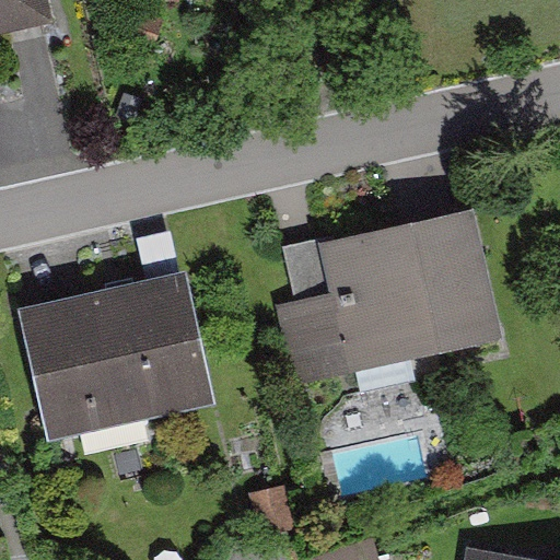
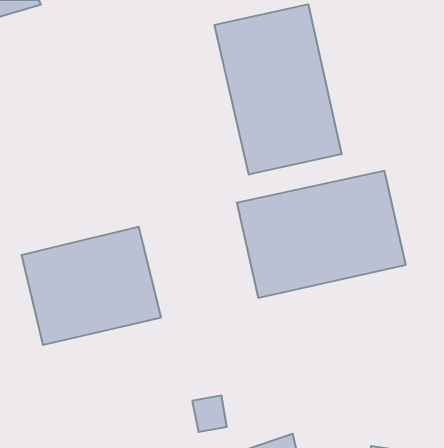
building: none -> [215,4,342,175]

